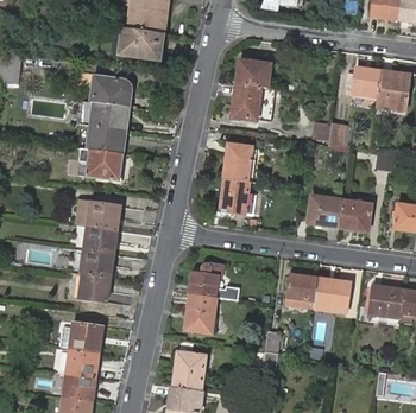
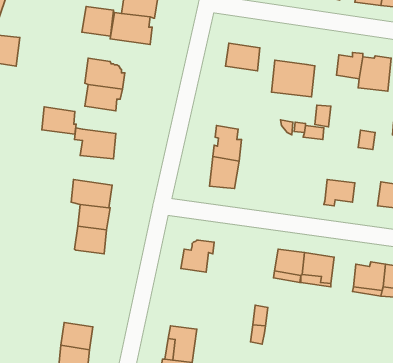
building: none -> [82,6,114,36]
building: [233,83,278,121] -> [272,60,315,97]
building: [88,125,124,153] -> [42,107,76,134]
building: [308,195,342,225] -> none
building: [78,274,111,301] -> none
building: [184,293,216,333] -> none
building: [59,322,102,354] -> none

